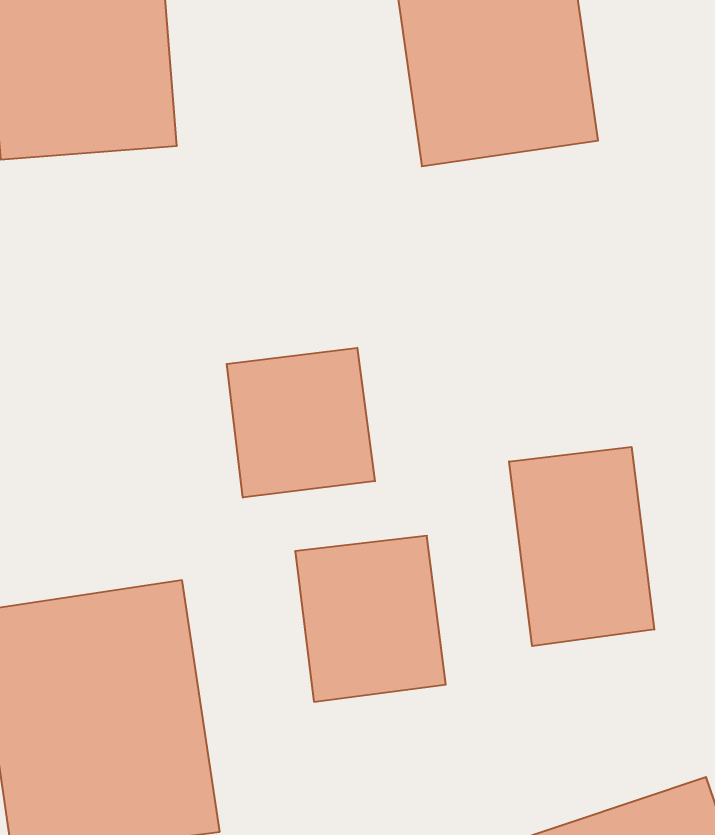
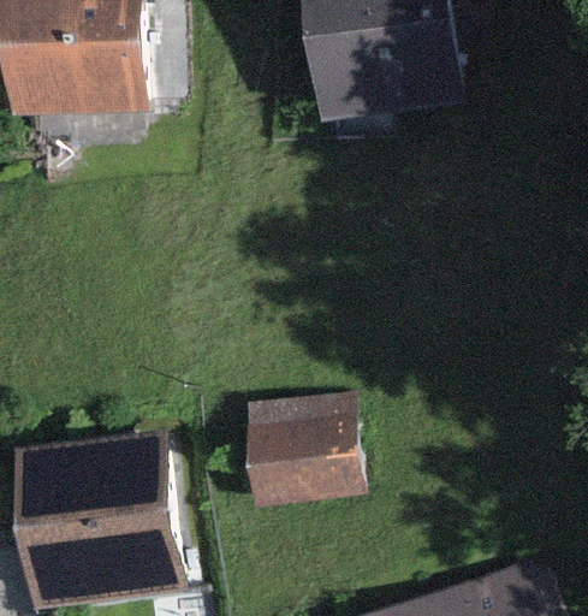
building: [227,348,375,498] -> none
building: [509,447,654,646] -> none

